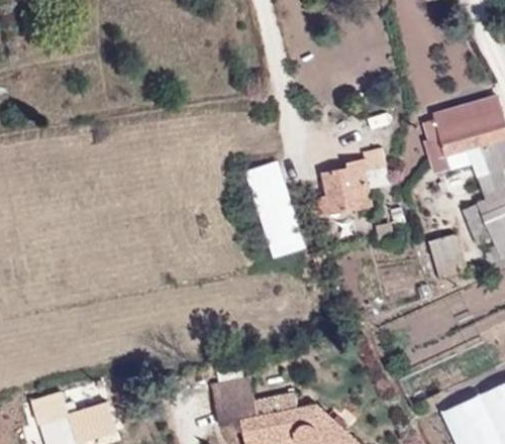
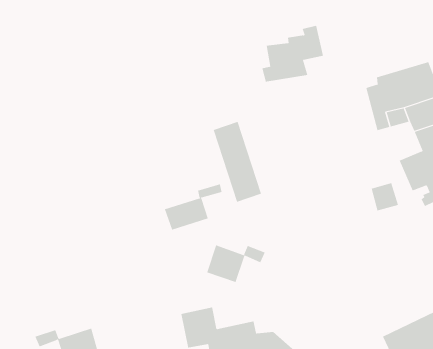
building: [319,148,391,214] -> [262,25,324,82]
building: none -> [164,183,222,231]
building: none -> [206,245,265,283]

